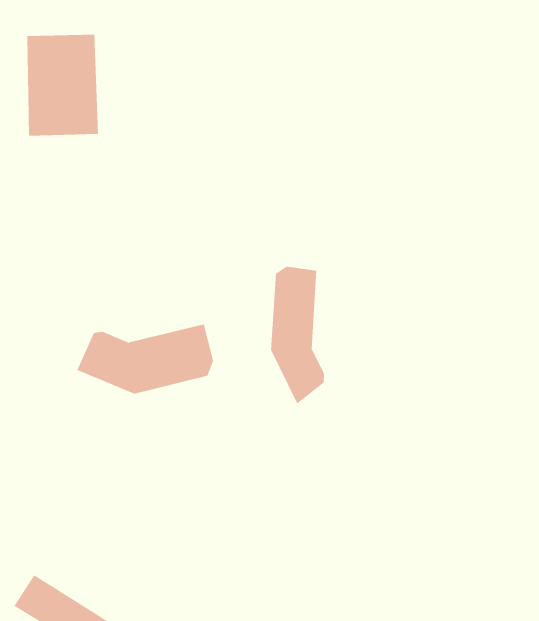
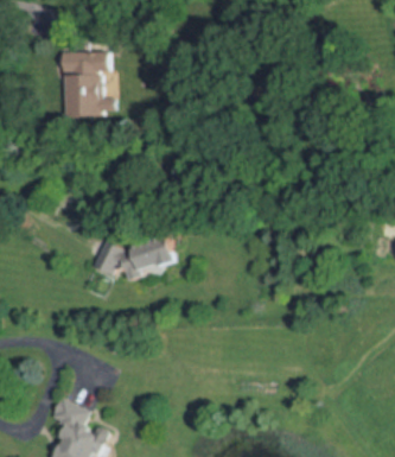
building: [271,266,324,405] -> none

